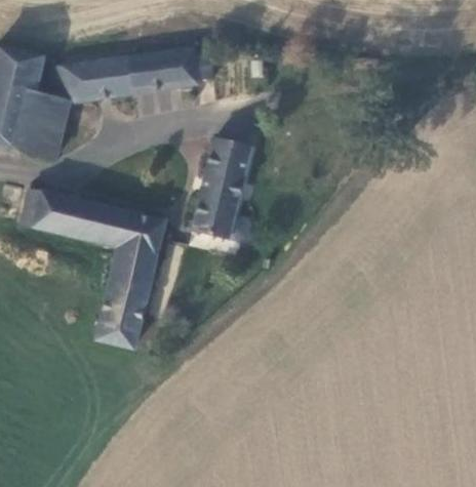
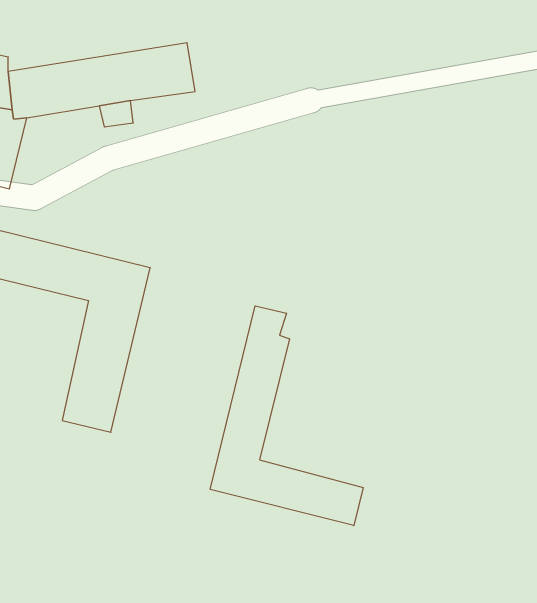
building: [195,139,251,238] -> none
building: none -> [210,306,363,526]

